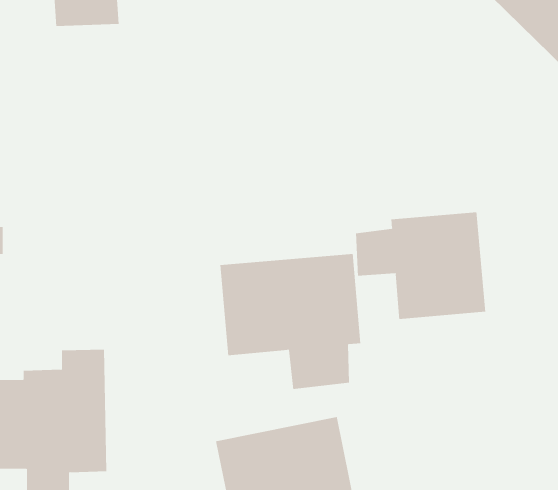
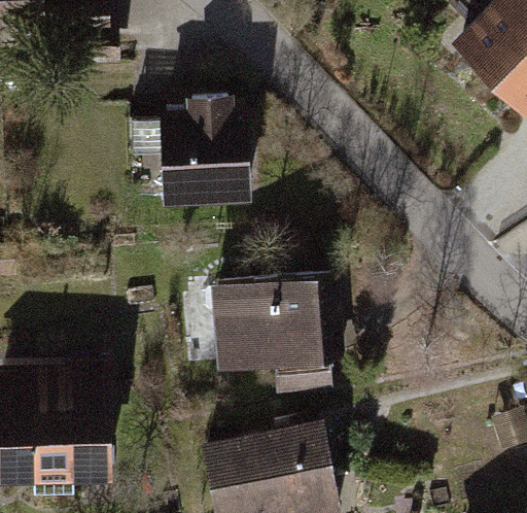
building: none -> [131,100,247,198]
building: [355,211,486,320] -> none

